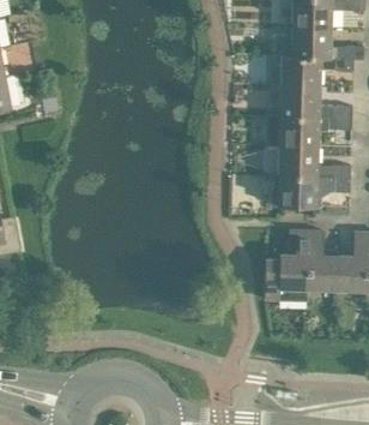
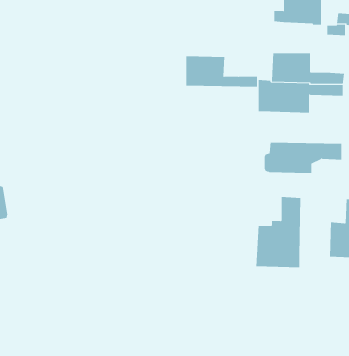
building: [282,55,321,86] -> none
building: [279,145,351,176] -> [186,56,258,87]
building: [309,231,339,289] -> none

